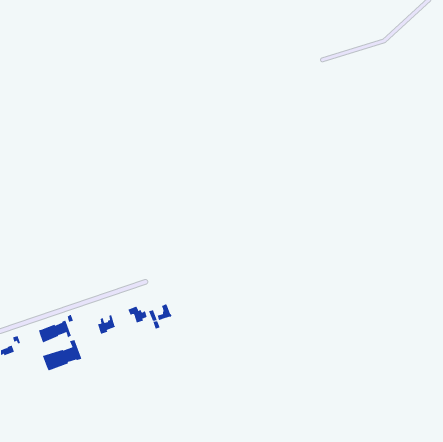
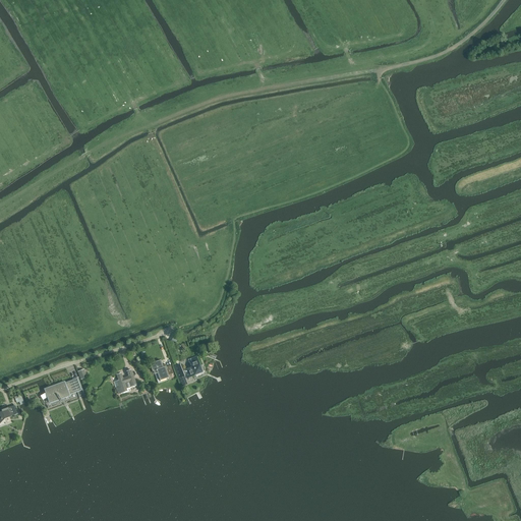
building: [42,339,82,371] -> none

